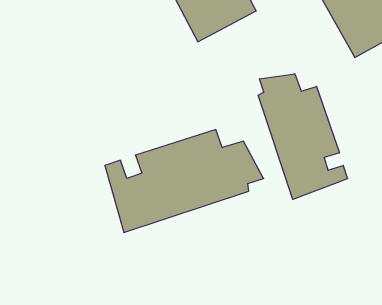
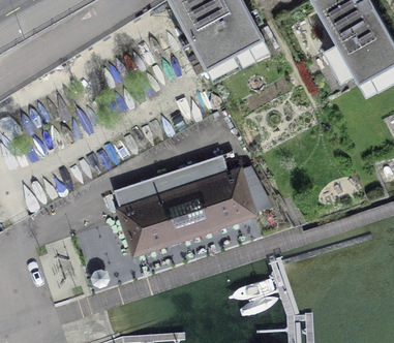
building: [258,74,348,199] -> none

